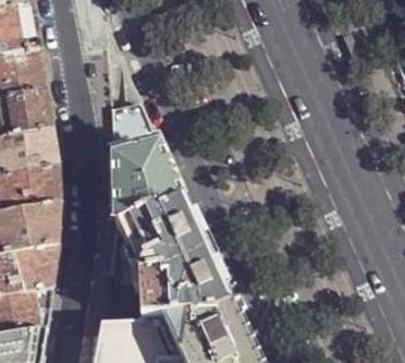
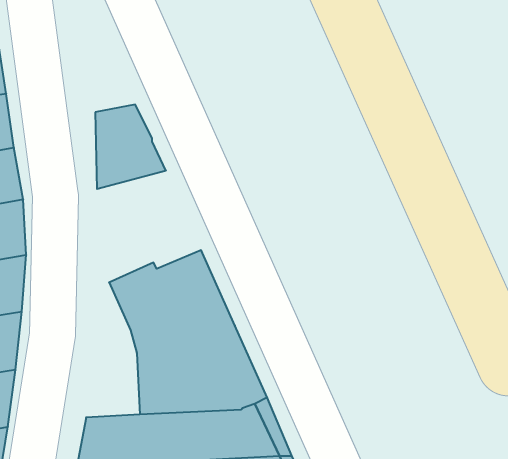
building: [109,143,183,222] -> none

